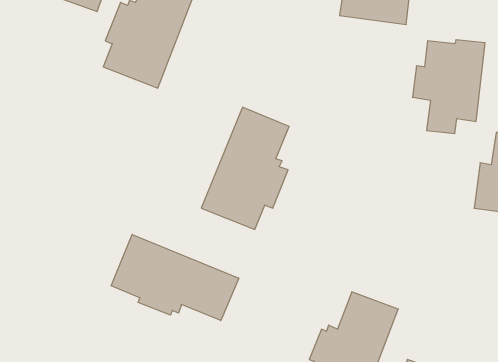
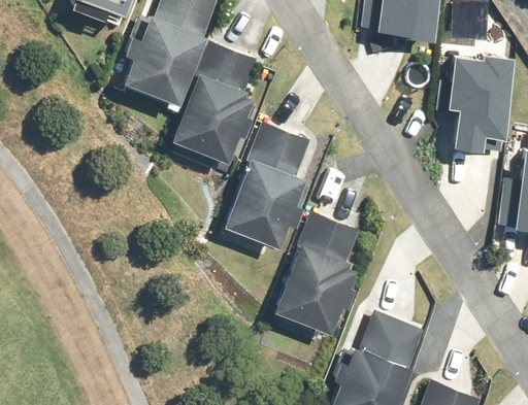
building: none -> [172,43,261,165]
building: none -> [274,214,361,335]
building: [111,234,239,321] -> none

